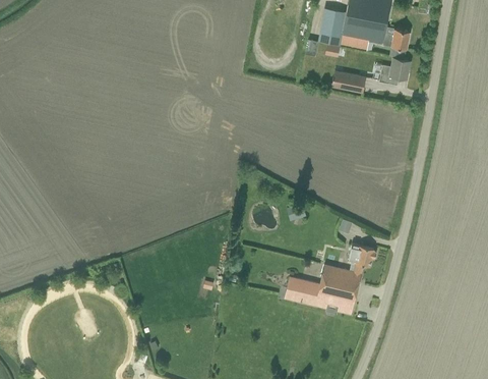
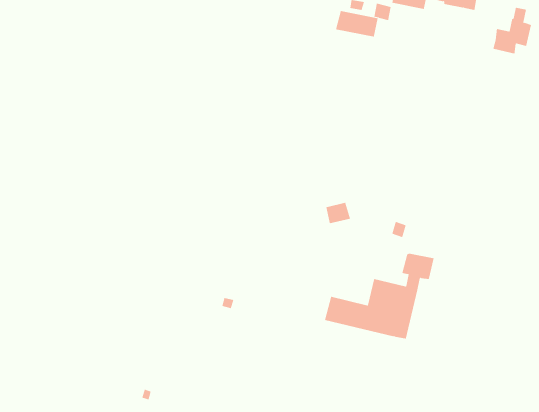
building: [378,47,410,85] -> [492,7,532,54]
building: [330,70,365,92] -> [335,11,378,37]

